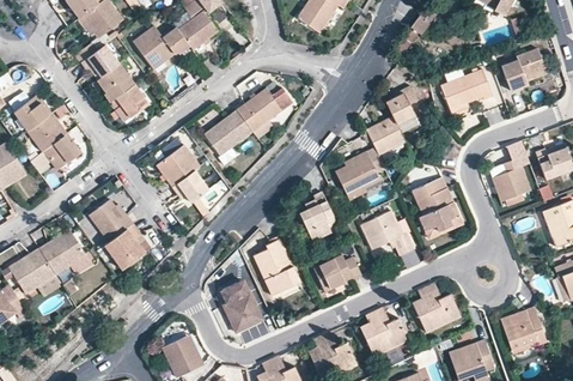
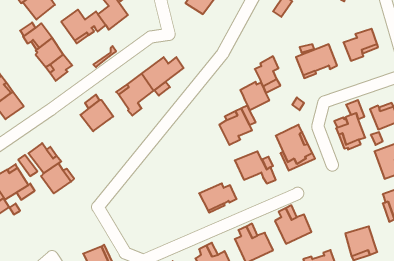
building: [173,169,208,200] -> none
building: [300,194,335,243] -> none
building: [255,238,298,295] -> none
building: [220,280,263,333] -> none

